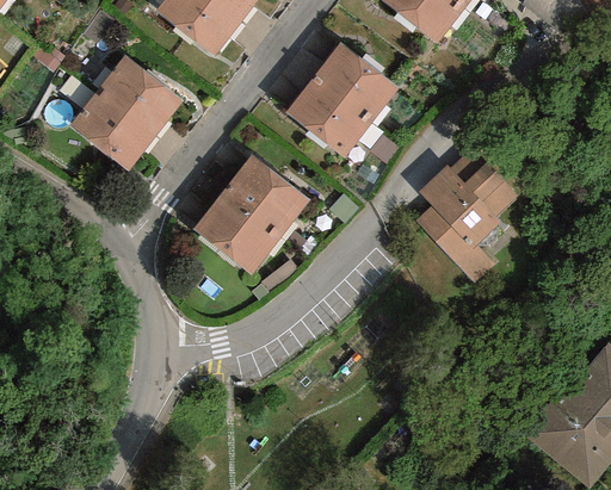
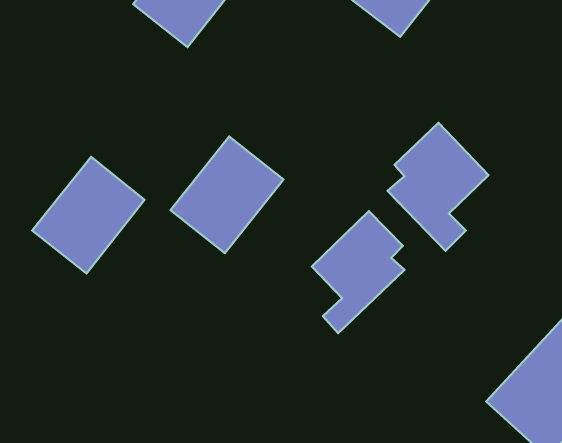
building: [282,41,401,162] -> none
building: [66,50,184,173] -> [32,157,144,273]
building: none -> [312,211,404,333]

